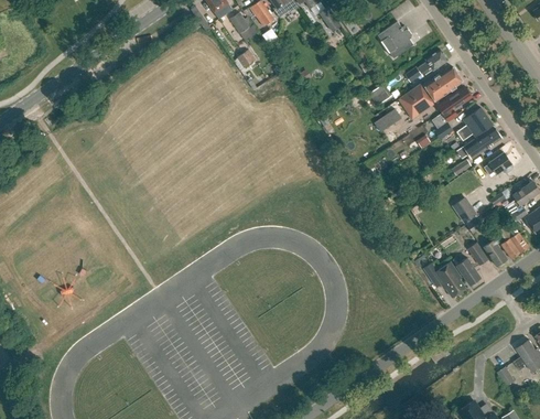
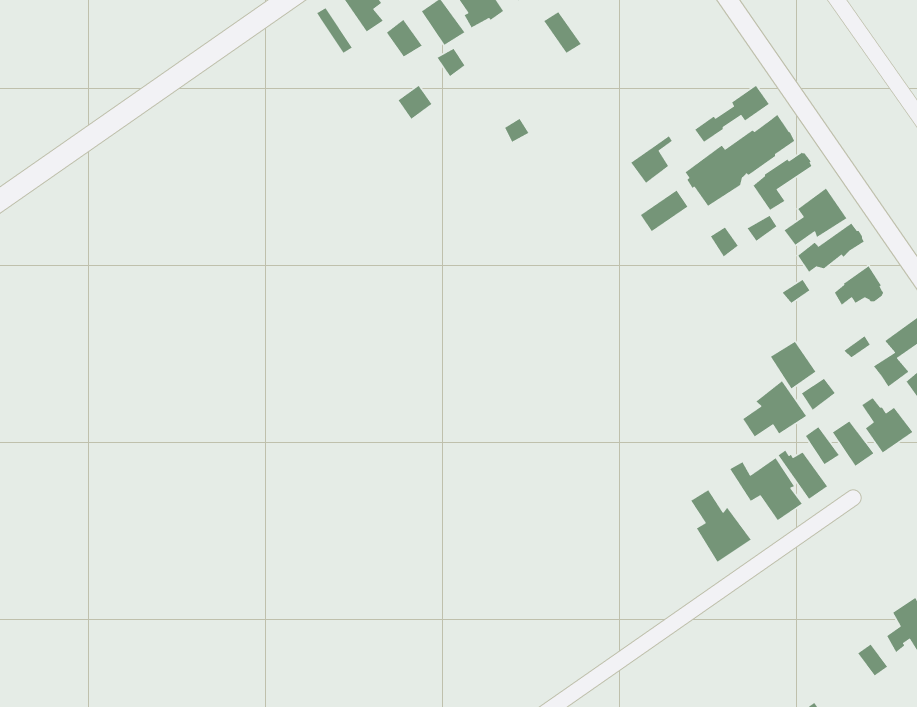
building: [378,22,414,58] -> none
building: none -> [742,380,807,438]
building: none -> [690,489,752,563]

